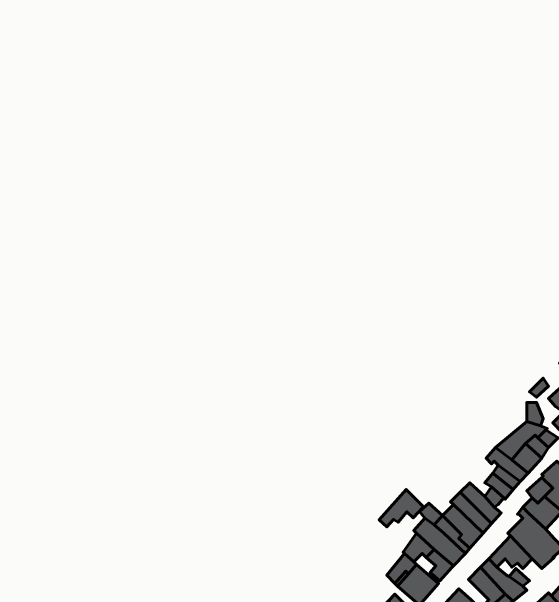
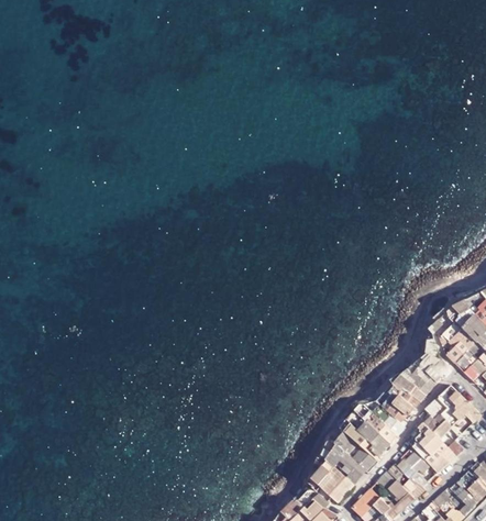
building: [379,489,423,527] -> none

